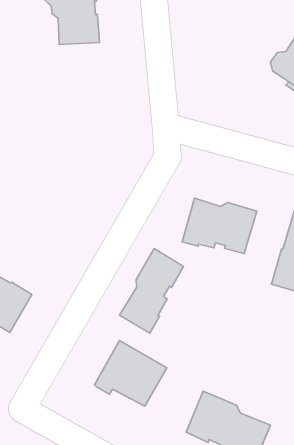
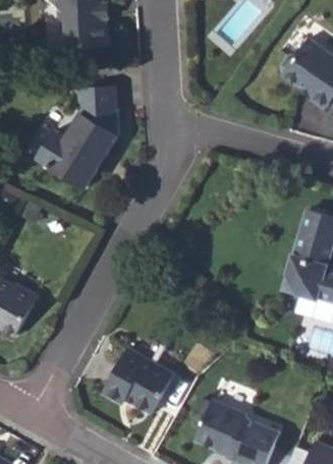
building: none -> [37,85,117,187]
building: [182,198,257,254] -> none
building: [119,248,183,333] -> none

